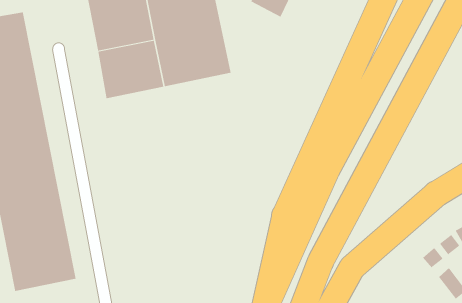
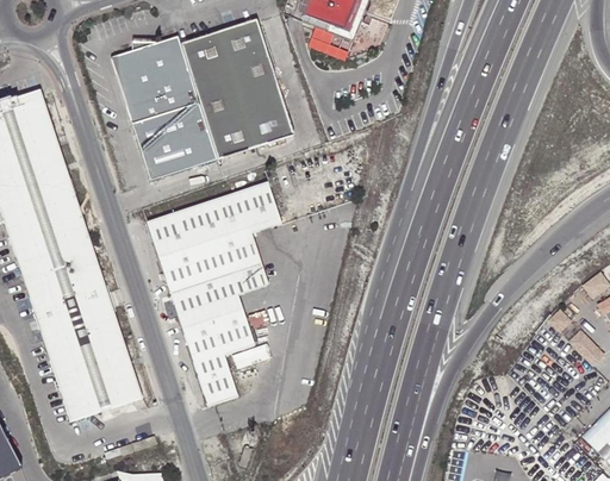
building: none -> [147,181,281,406]

